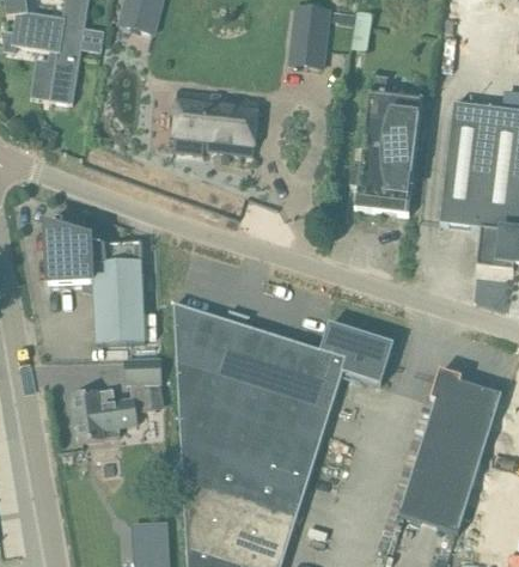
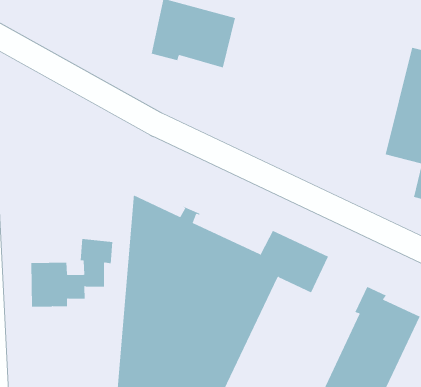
building: [349,73,423,213] -> none
building: [45,225,145,342] -> none

